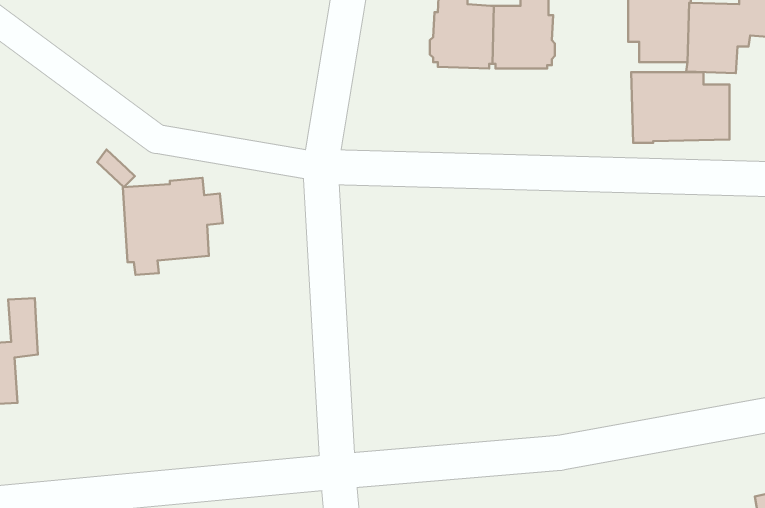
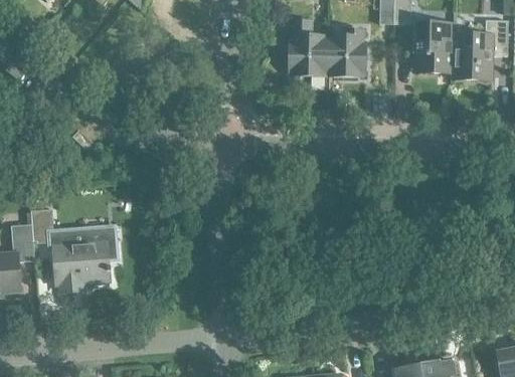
building: [631,72,730,143] -> none
building: [123,178,223,275] -> [53,229,118,292]
building: none -> [31,209,52,241]

